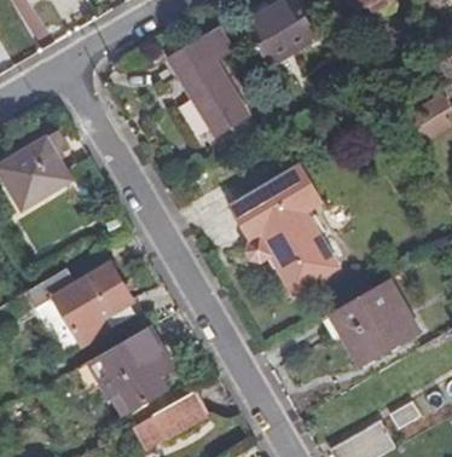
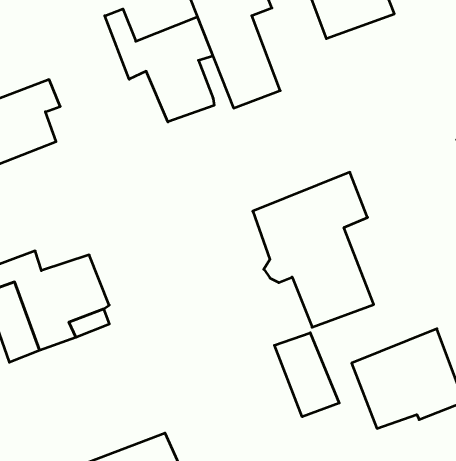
building: none -> [105,9,214,122]
building: none -> [274,333,339,417]
building: [91,326,170,412] -> none

